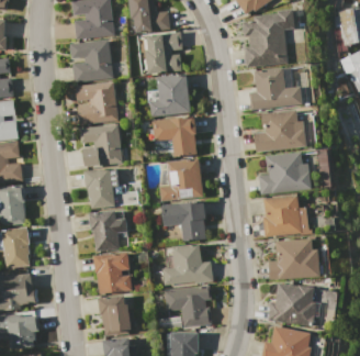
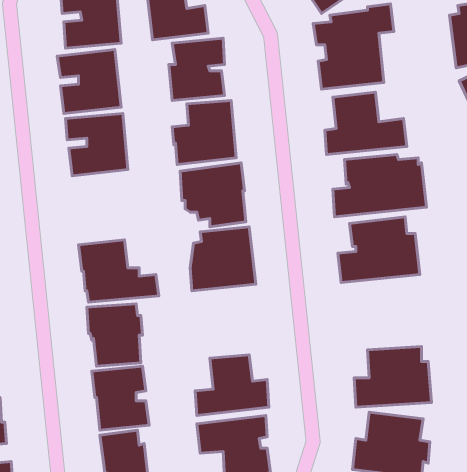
building: [80,124,122,167] -> none
building: [262,194,313,237] -> none
building: [160,201,206,241] -> none

